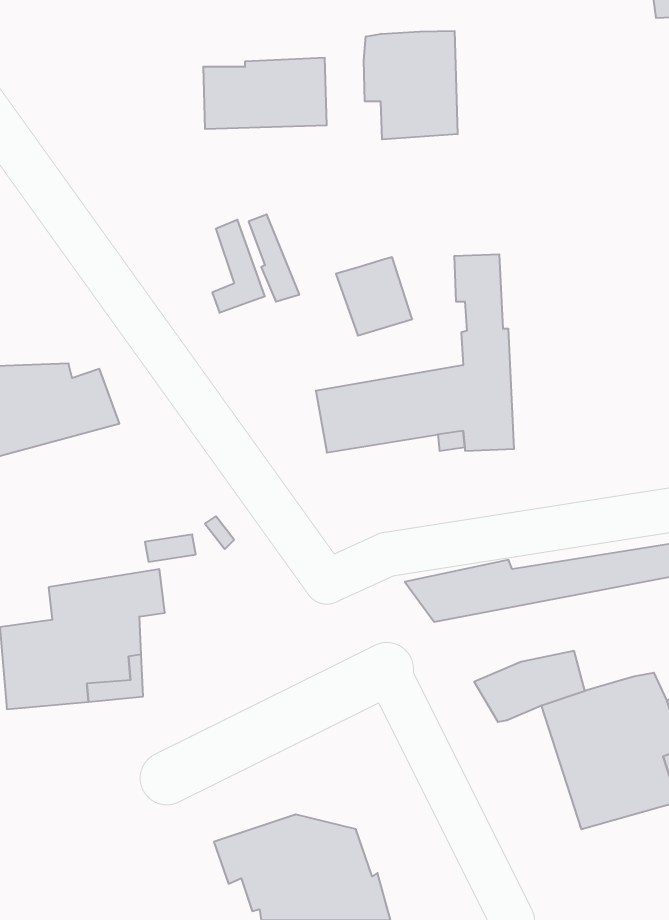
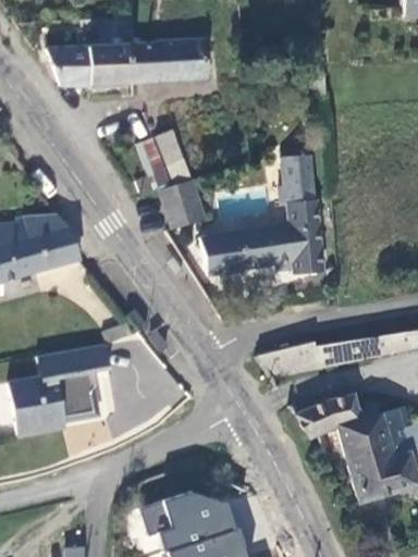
building: [364,31,458,139] -> none
building: none -> [50,45,135,86]
building: [336,257,412,336] -> [162,180,208,226]

